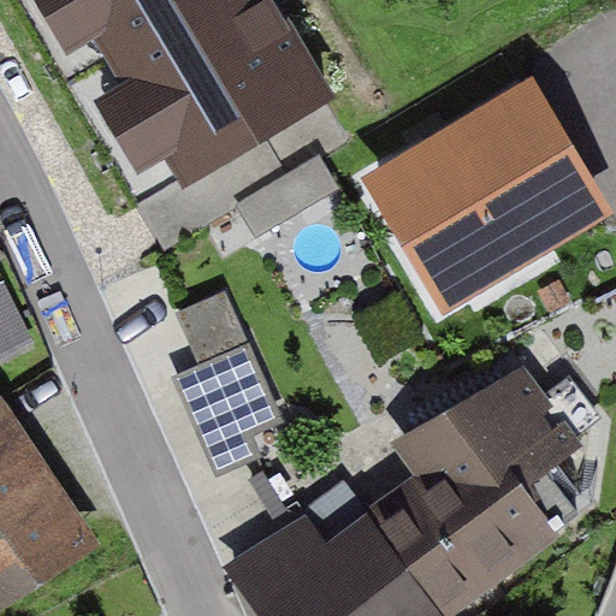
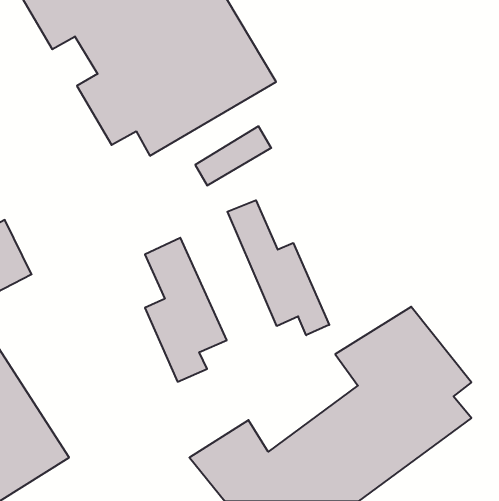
building: [377,90,592,291] -> none
building: none -> [227,200,329,335]

